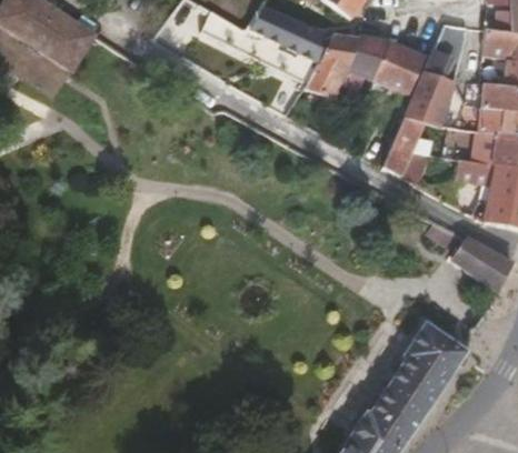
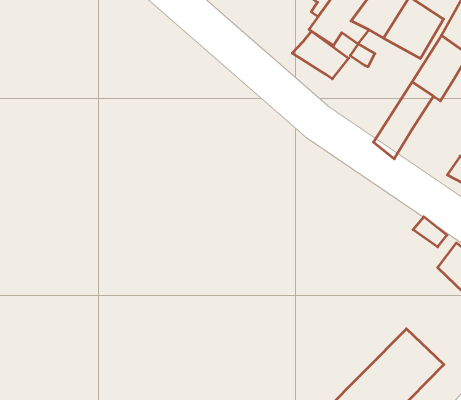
building: none -> [292,31,349,79]

